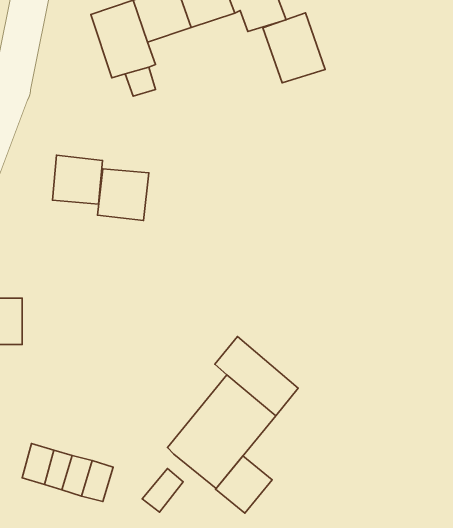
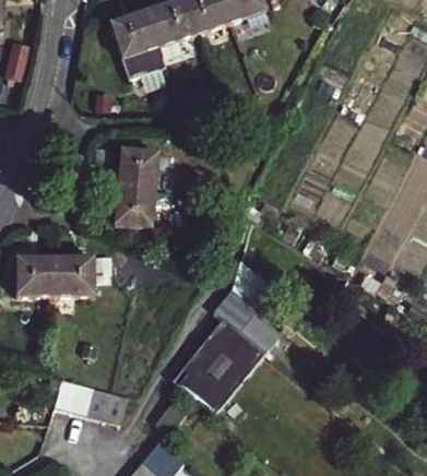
building: [263,13,325,83] -> none
building: [52,155,103,204] -> [112,188,154,228]
building: none -> [54,257,92,295]
building: [216,456,272,513] -> none

